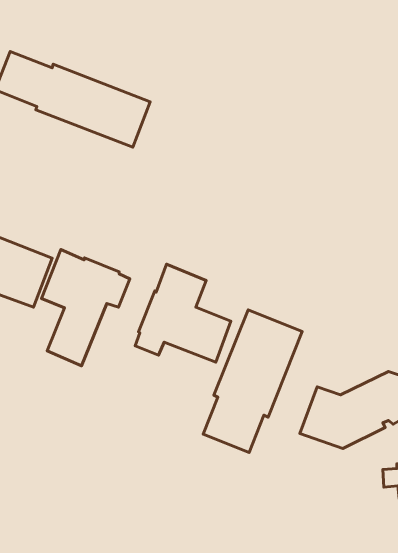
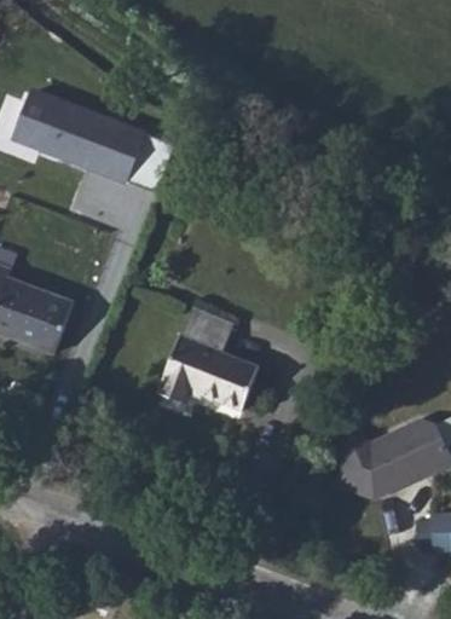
building: [42,250,130,366] -> none
building: [203,310,302,452] -> none

